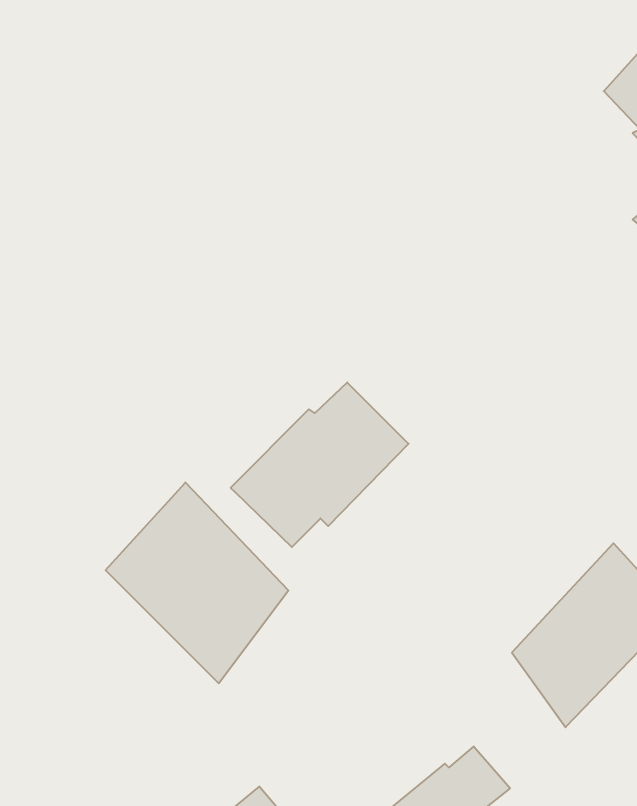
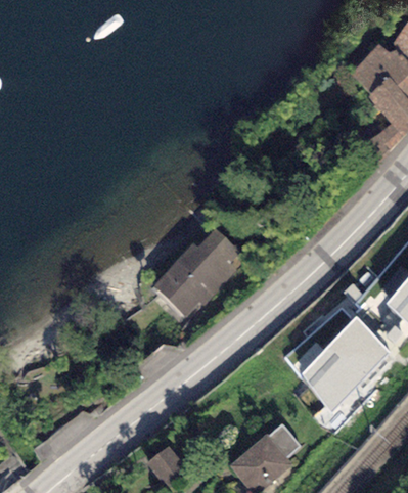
building: [106,482,288,683] -> none

